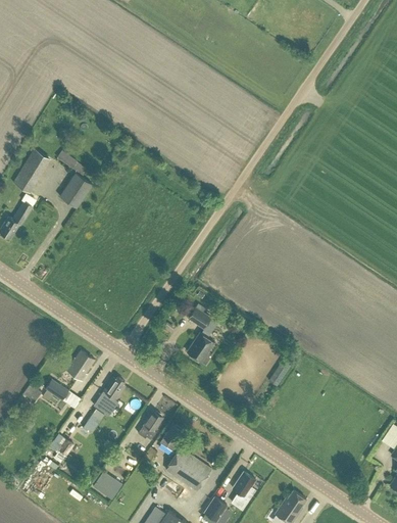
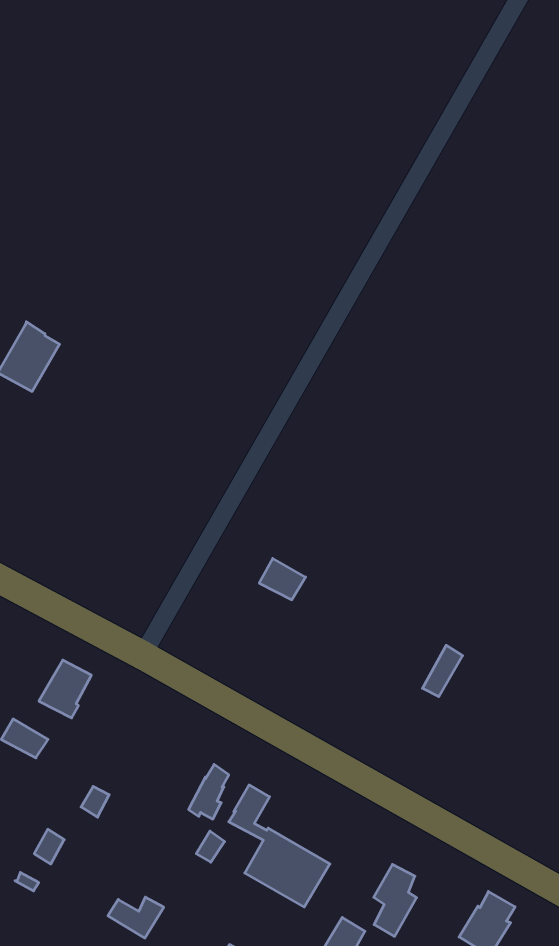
building: [187,333,214,365] -> none
building: [96,377,126,414] -> none

